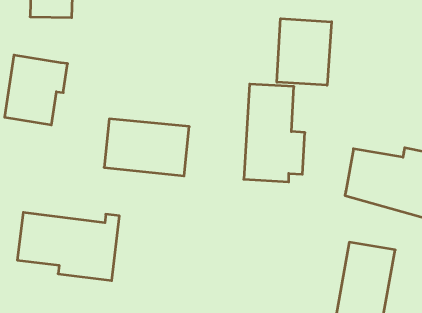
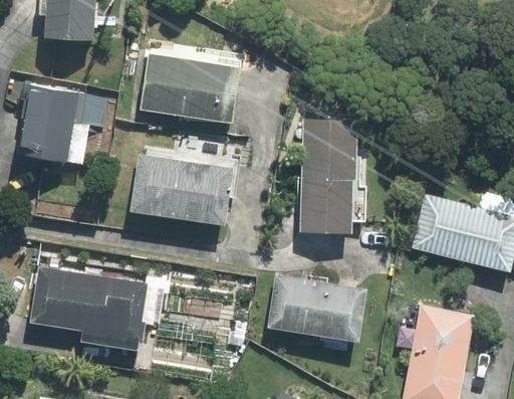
building: [277,19,332,85] -> none
building: none -> [134,42,242,127]
building: none -> [269,276,365,340]

